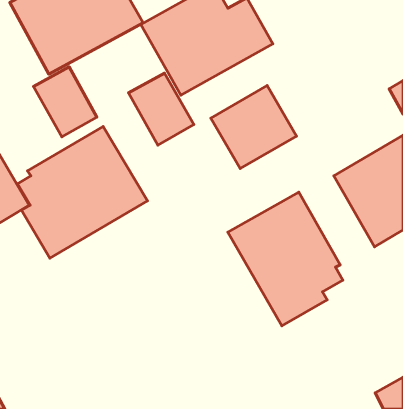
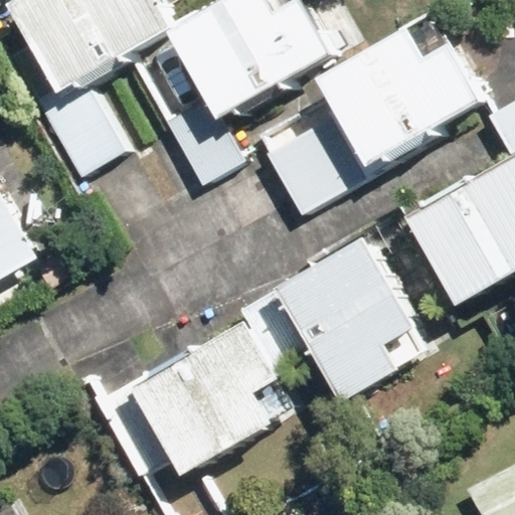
building: none -> [323,17,485,164]
building: [17,127,147,258] -> none
building: none -> [93,319,292,477]

